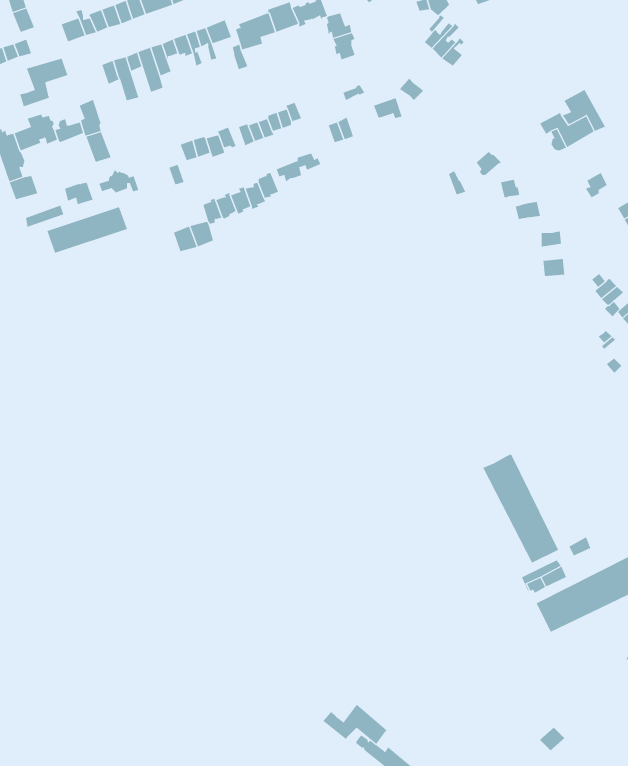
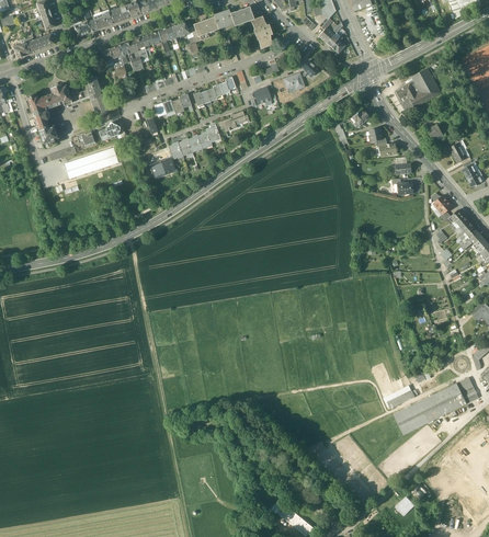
building: [20,58,68,107] -> none
building: [482,454,559,563] -> none
building: [322,704,387,745] -> none

